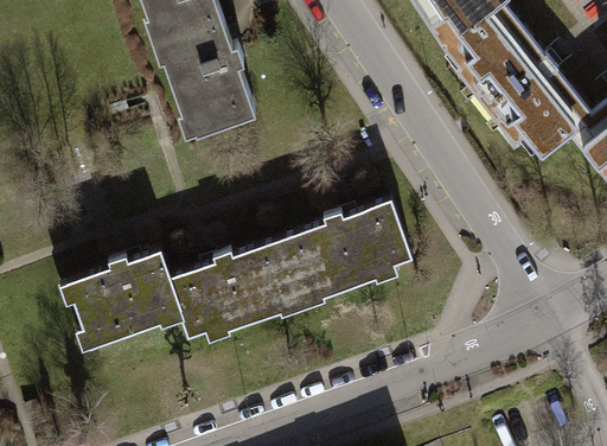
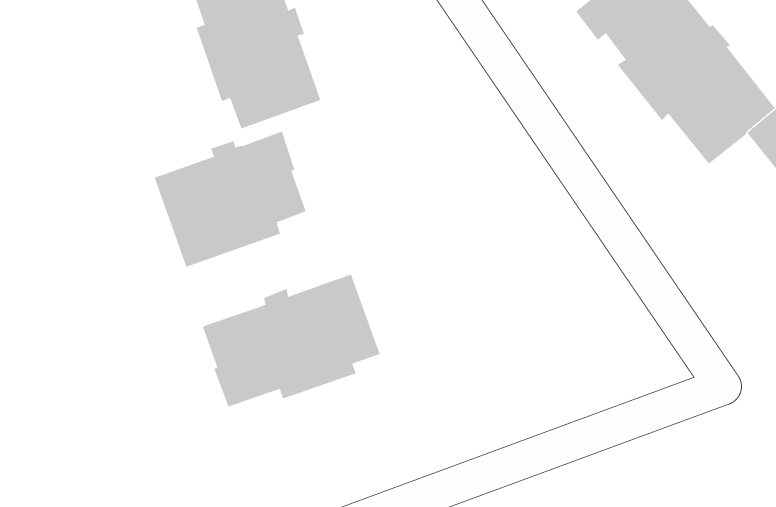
building: [277,202,411,300] -> none
building: [65,250,178,351] -> [154,131,307,268]

